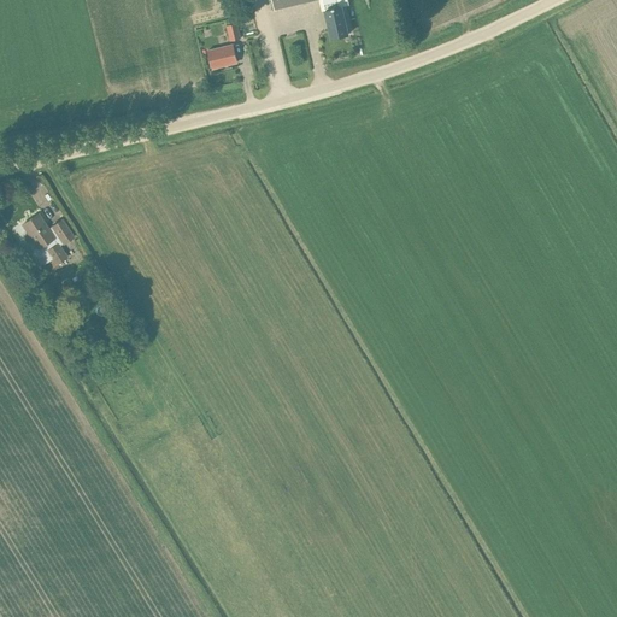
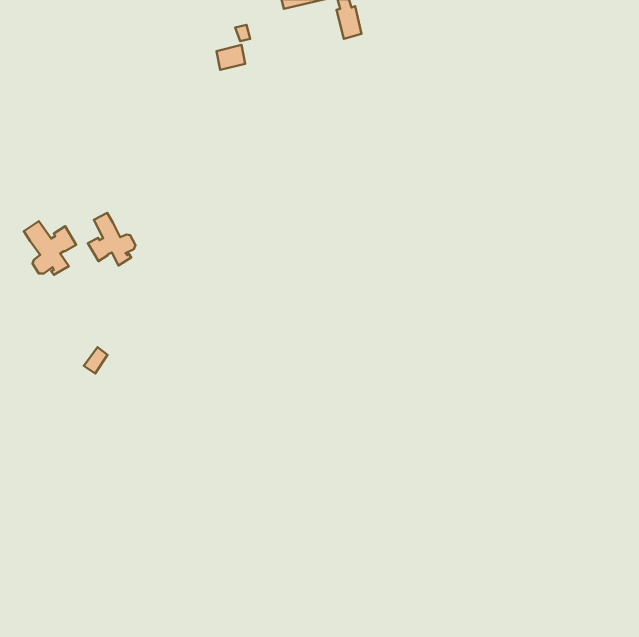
building: none -> [88,213,136,265]

